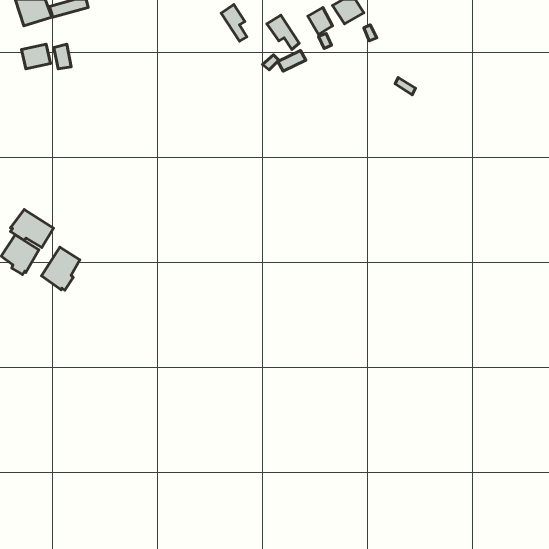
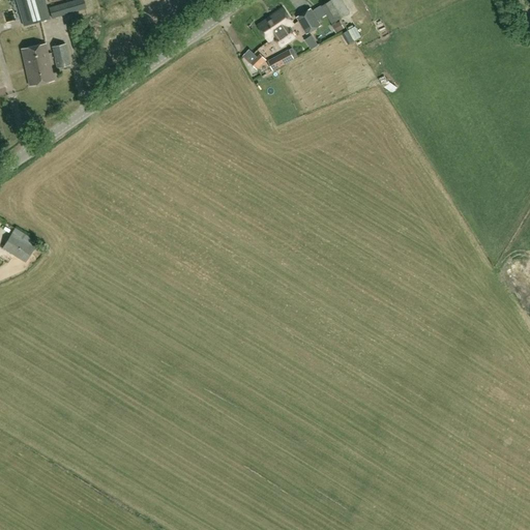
building: [221,4,247,41] -> [270,6,295,41]
building: none -> [25,61,53,84]
building: [11,210,54,247] -> none
building: [42,247,80,290] -> none

